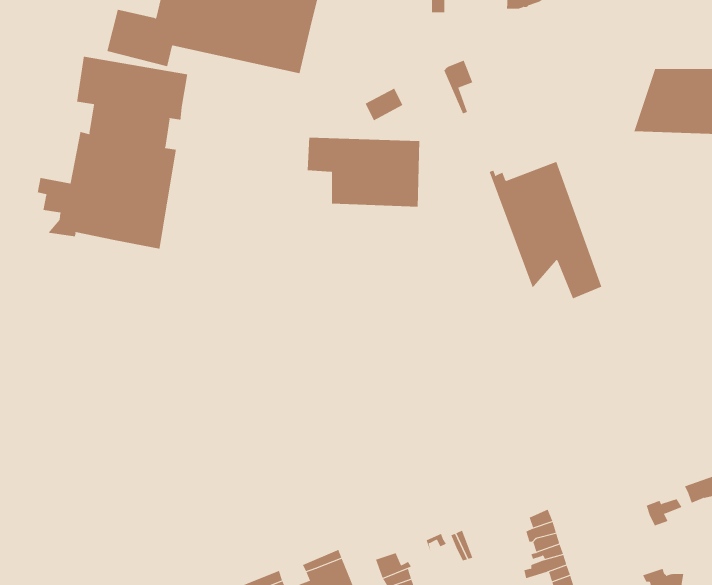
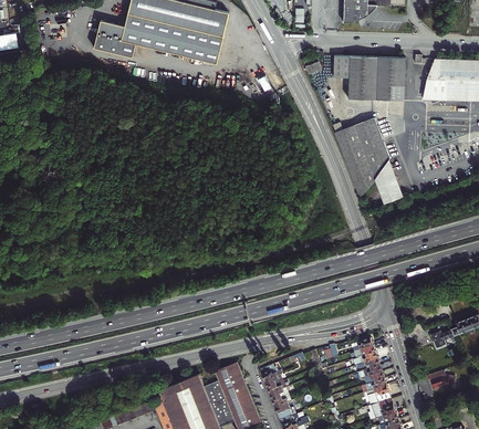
building: [37,56,188,249] -> none
building: [307,137,420,207] -> [334,54,406,98]

